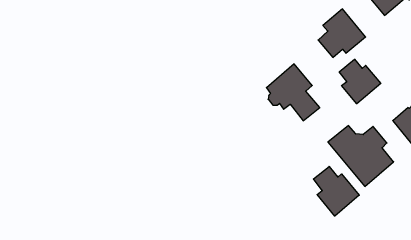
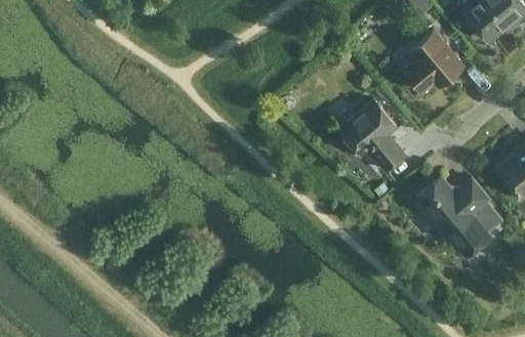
building: [339,59,381,104] -> none
building: [313,166,359,216] -> none

